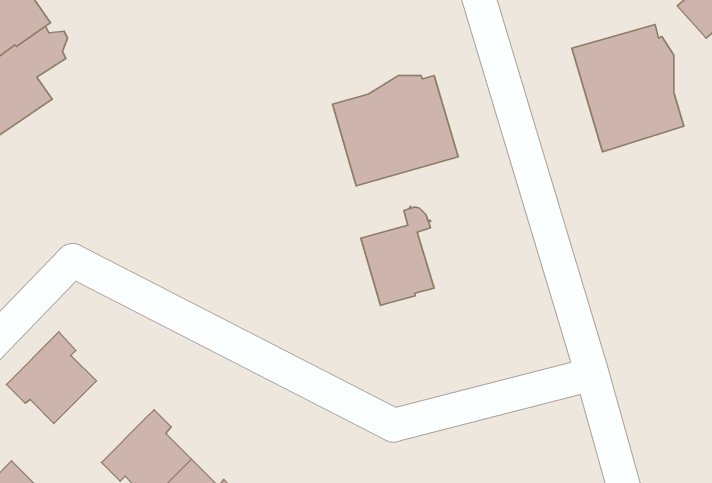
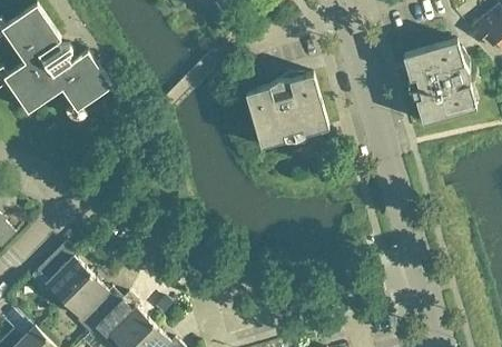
building: none -> [51,50,111,120]
building: [361,206,434,305] -> none
building: none -> [62,274,122,334]

